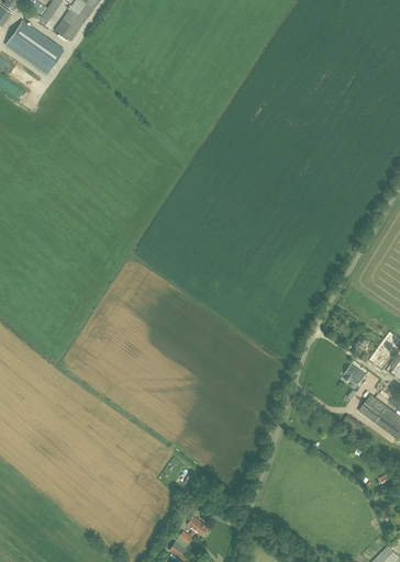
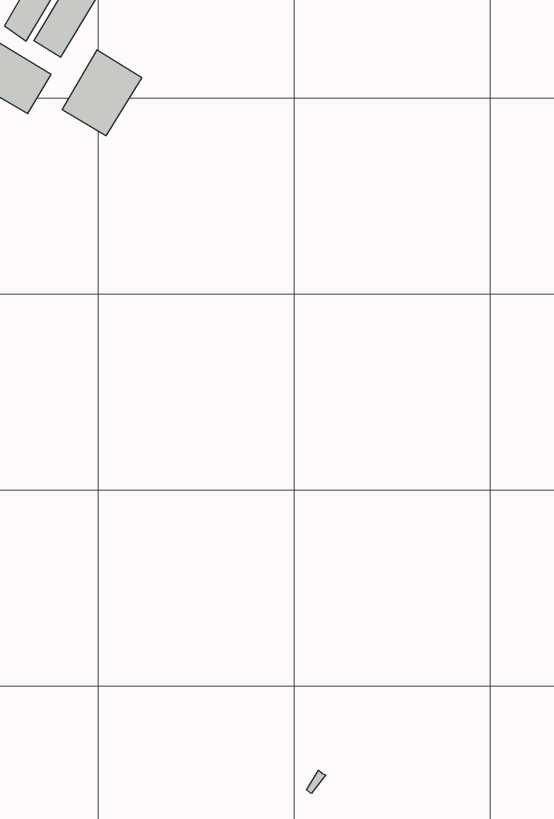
building: none -> [62,50,142,136]

